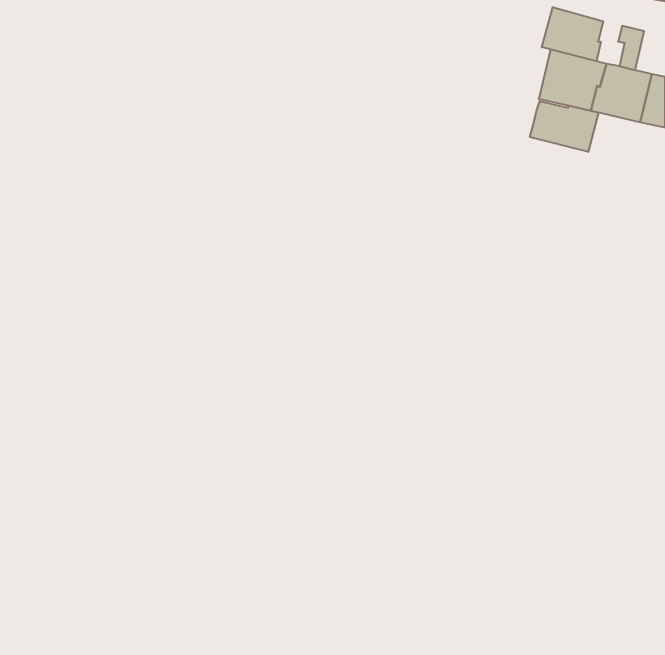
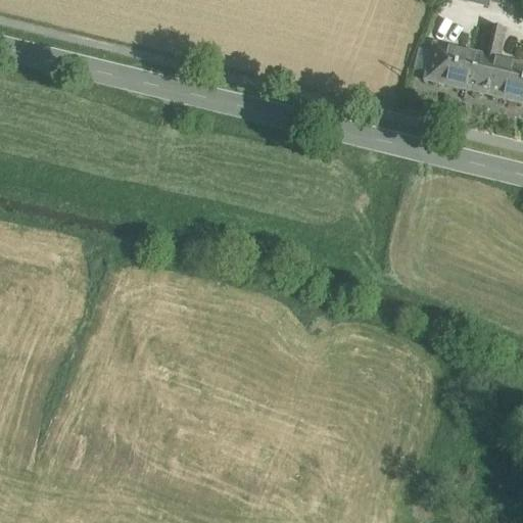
building: [542,7,603,61] -> none
building: [530,101,598,152] -> none

